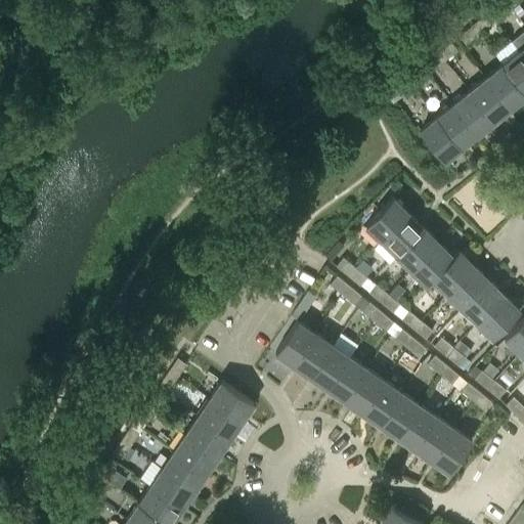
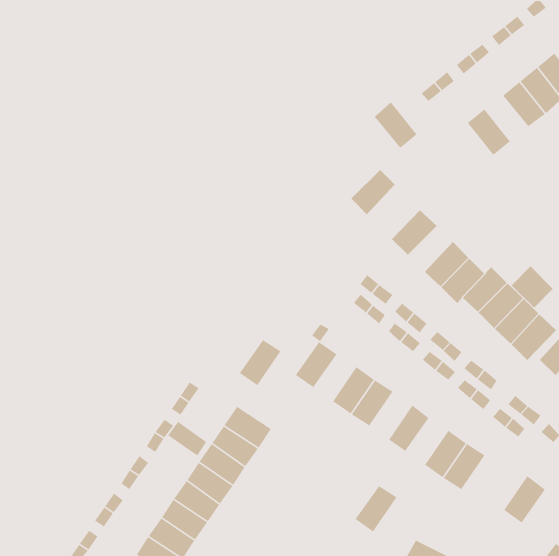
building: [453,93,494,136] -> none
building: [421,119,462,163] -> [374,102,418,149]
building: [382,215,424,258] -> [350,169,395,215]
building: none -> [511,266,553,308]
building: [294,335,334,379] -> [239,339,282,386]
building: [346,369,386,414] -> none
building: [380,394,420,438] -> [355,485,397,532]
building: none -> [167,421,207,456]
building: [432,429,472,474] -> [503,475,546,523]

